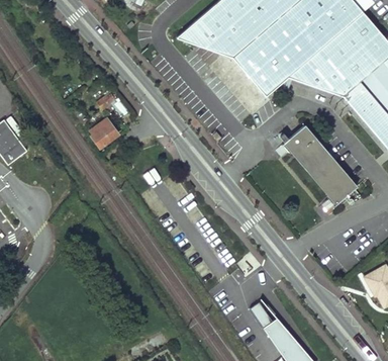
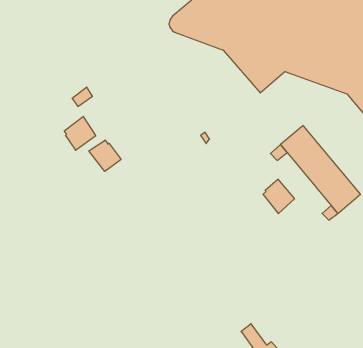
building: none -> [89,140,121,171]
building: none -> [263,179,294,214]

